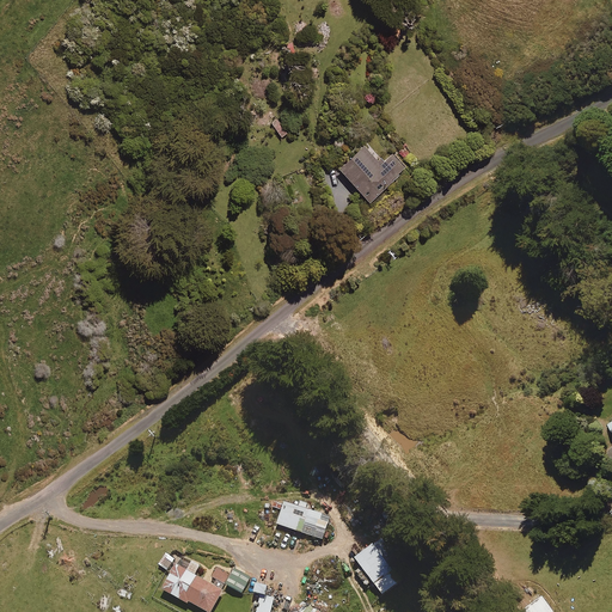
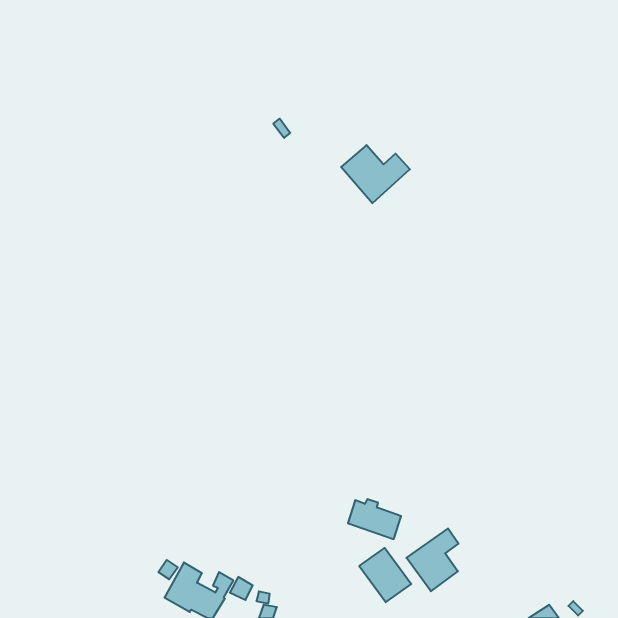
building: [277,501,330,540] -> [348,499,401,539]
building: none -> [406,528,458,591]

